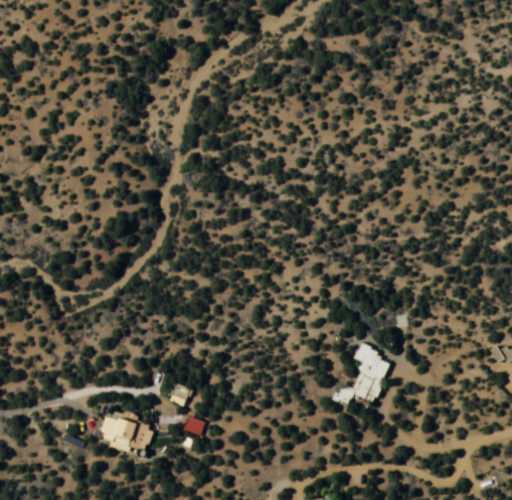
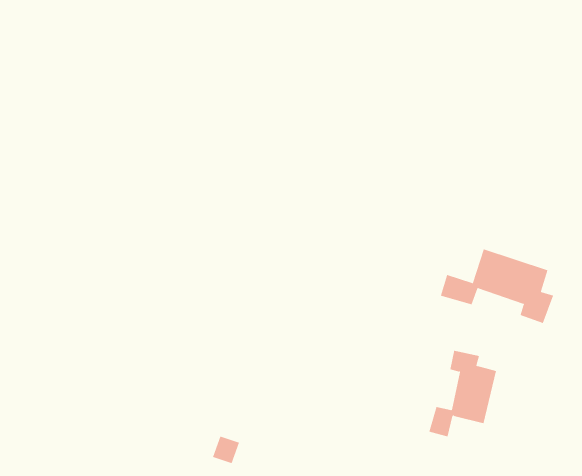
building: none -> [440,249,554,324]

